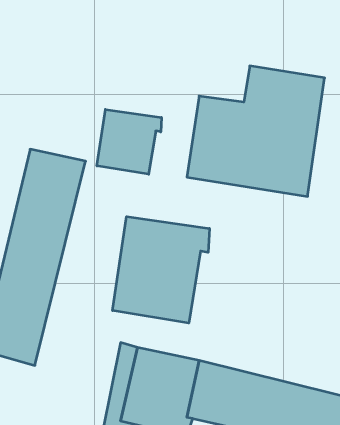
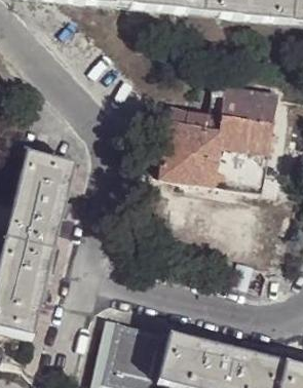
building: [97,109,161,174] -> none
building: [113,217,209,323] -> none

